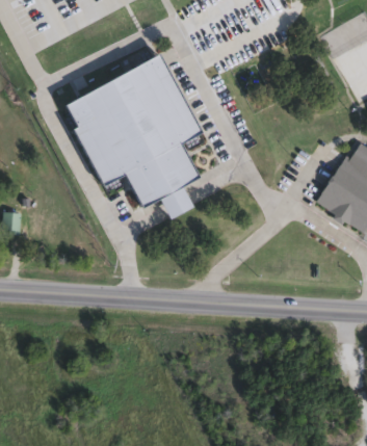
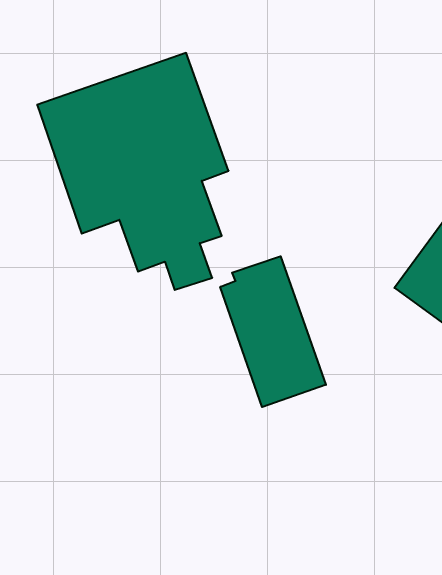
building: none -> [220,256,326,407]

